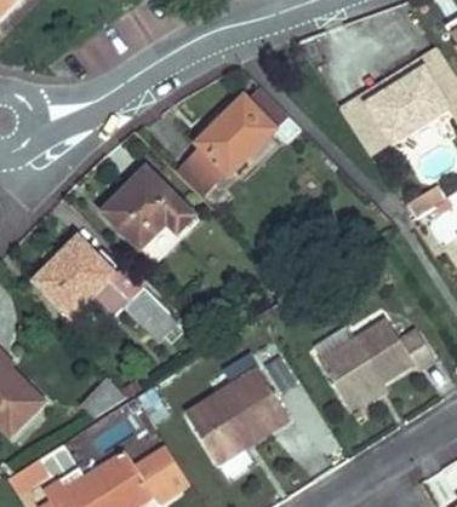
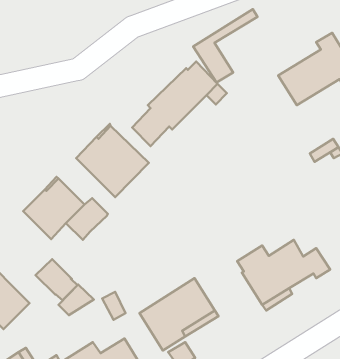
building: [339,61,423,156] -> [193,9,257,83]
building: [122,287,177,340] -> [35,259,77,300]

